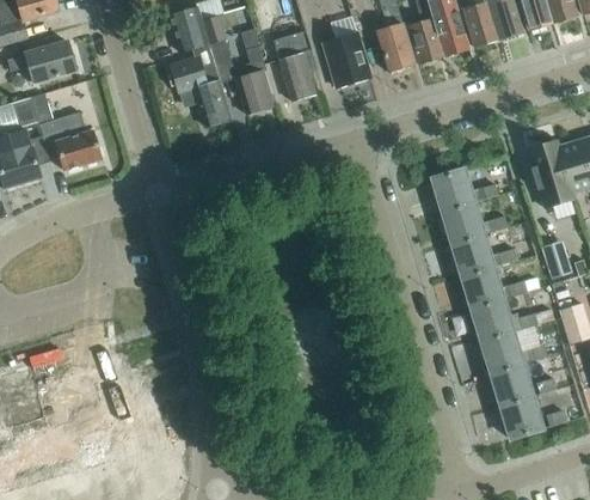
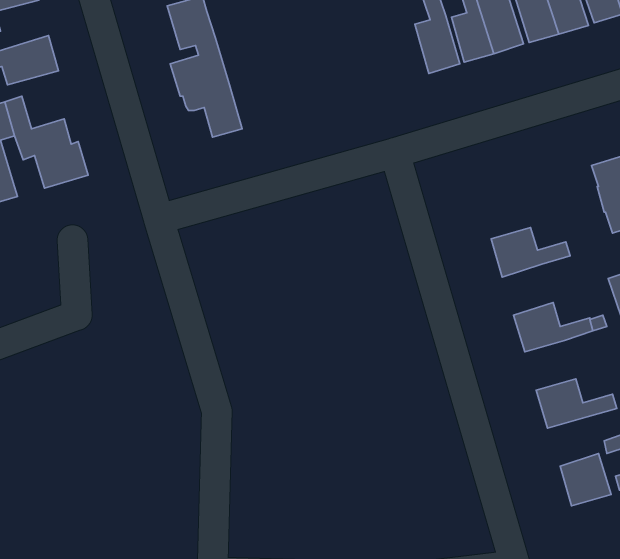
building: [202,16,274,115] -> none
building: [275,32,318,100] -> none
building: [324,32,370,87] -> none
building: [431,169,499,213] -> none
building: [451,234,518,278] -> none
building: [471,299,539,341] -> none
building: [490,364,533,406] -> none

